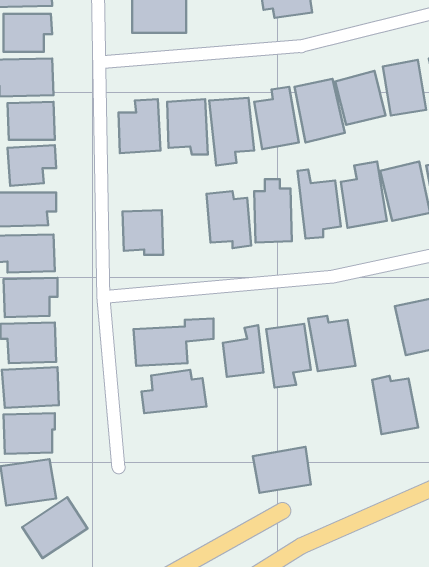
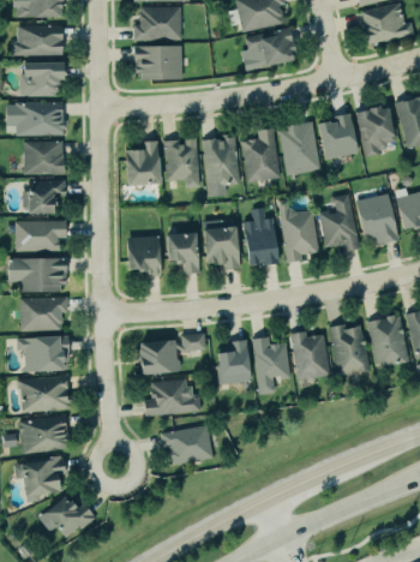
building: none -> [163,233,200,274]
building: [372,376,418,434] -> [330,323,371,375]
building: [253,447,311,493] -> [163,424,215,465]

